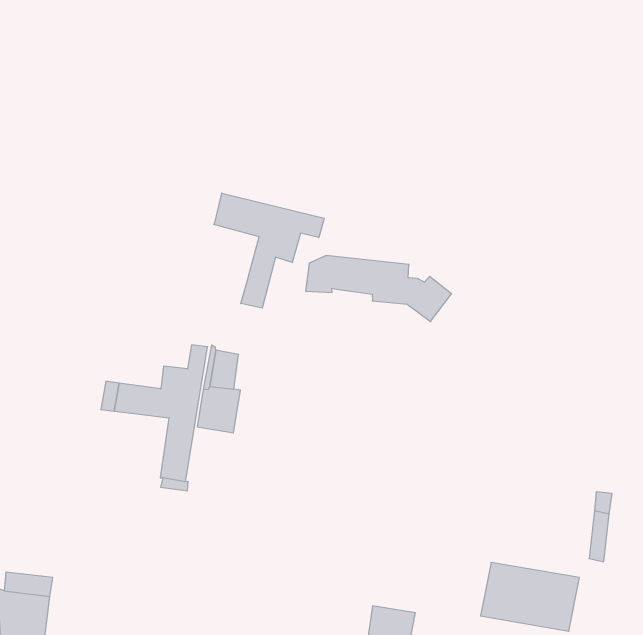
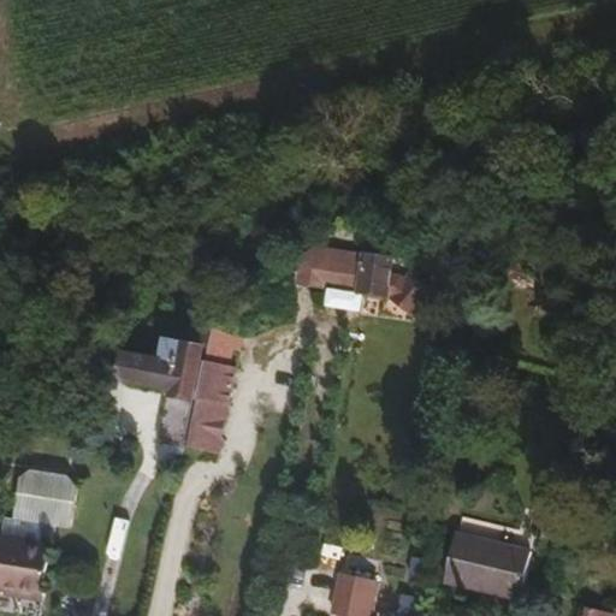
building: [214,193,324,308] -> none
building: none -> [180,398,223,452]
building: none -> [14,463,79,521]

